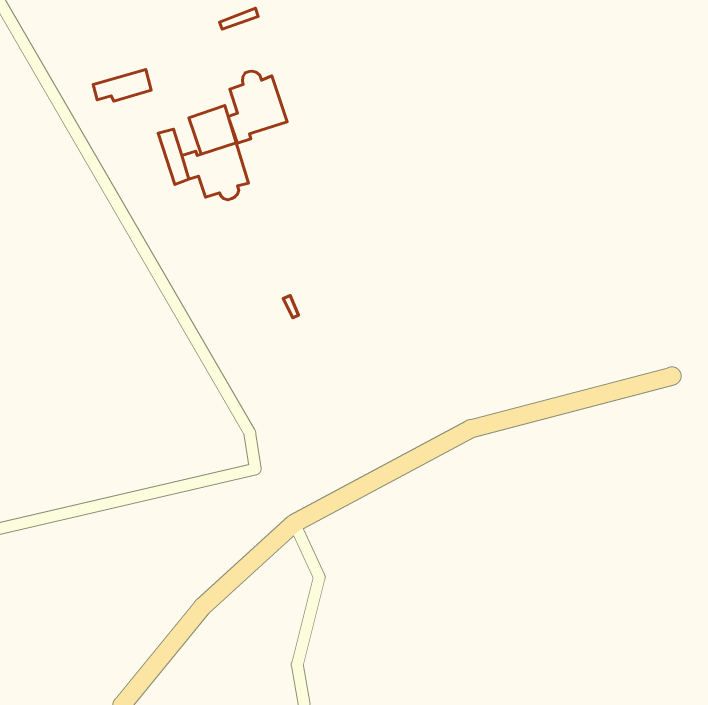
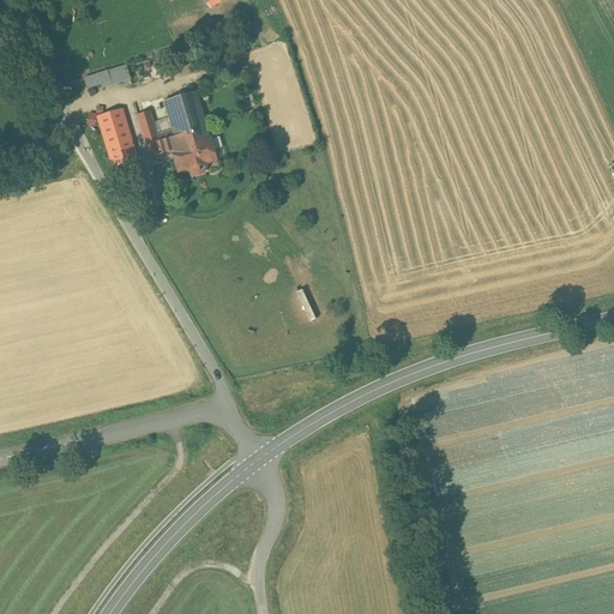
building: [228,71,287,143] -> none
building: none -> [98,108,134,162]

